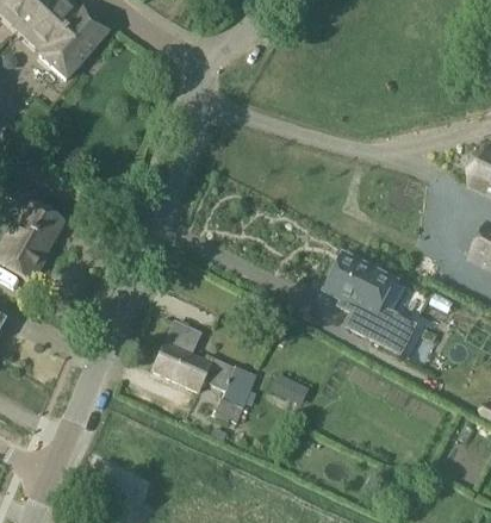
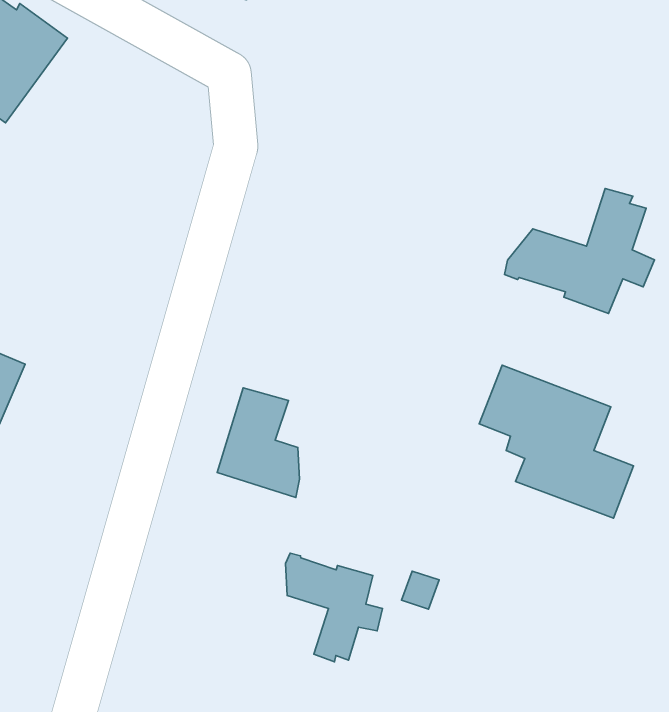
building: none -> [505,188,654,313]
building: [151,320,201,390] -> [217,388,300,498]

